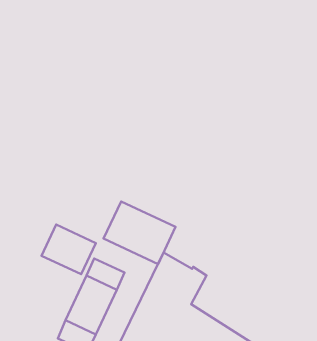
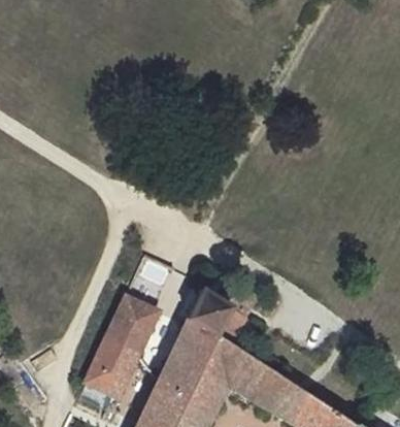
building: [104,201,175,264] -> none
building: [42,225,96,274] -> none

